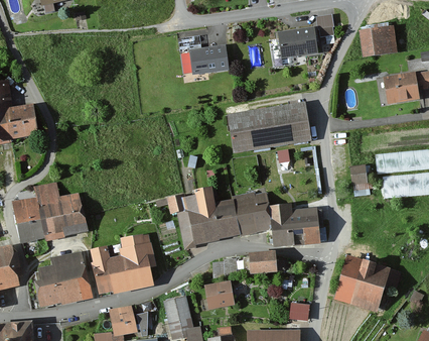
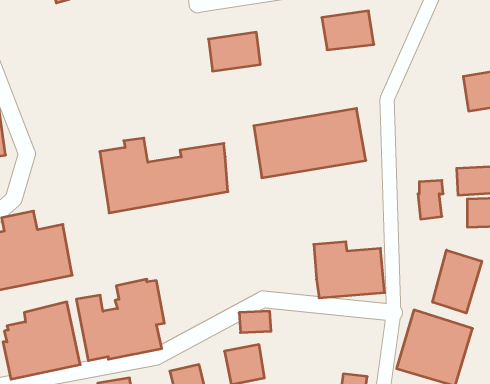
building: [358,26,394,56] -> none
building: [175,191,272,247] -> [100,138,228,213]
building: none -> [433,250,482,313]
building: [249,253,277,276] -> none

